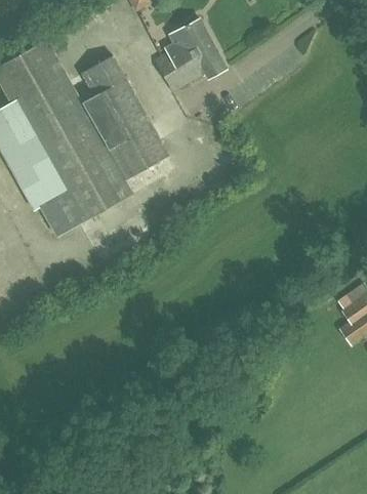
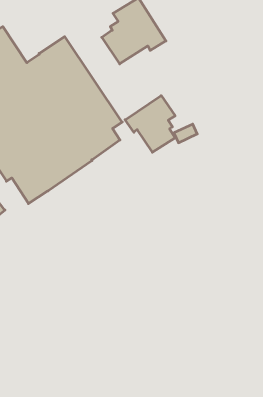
building: none -> [125,96,175,152]

